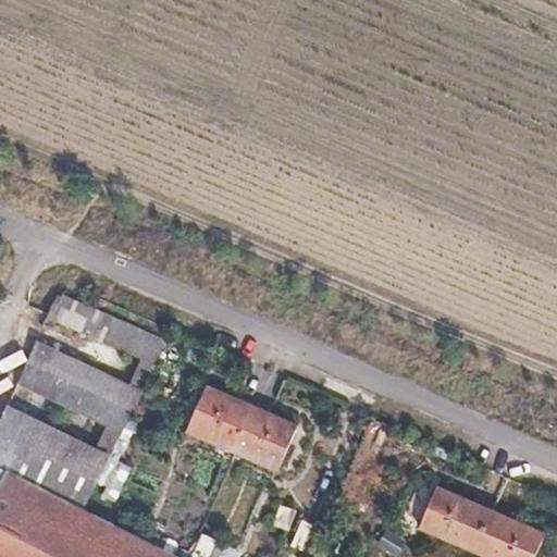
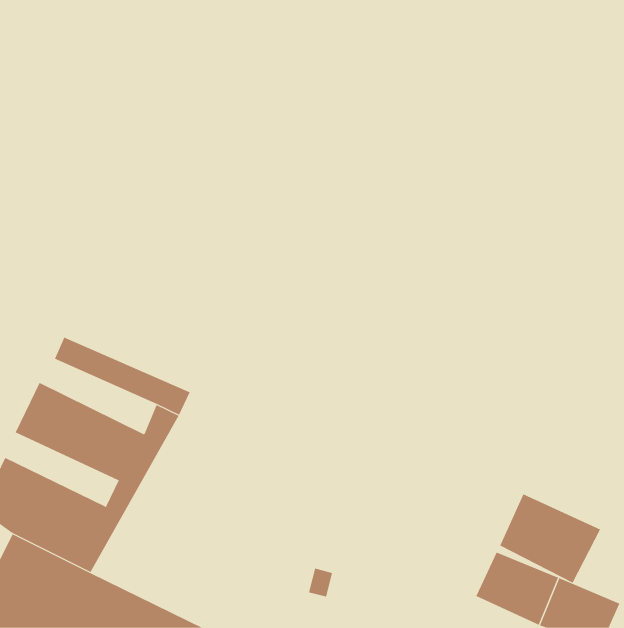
building: [185,386,294,469] -> none
building: none -> [500,493,601,583]

